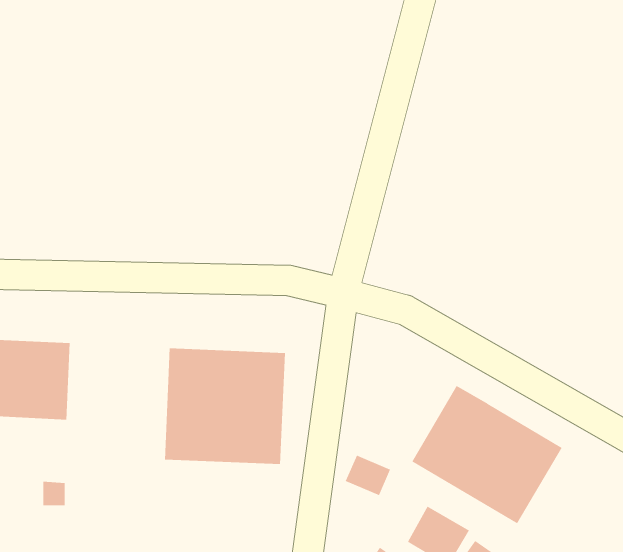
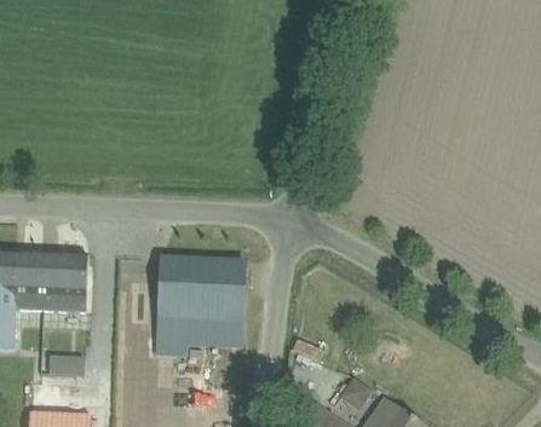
building: [411,385,563,524] -> none

